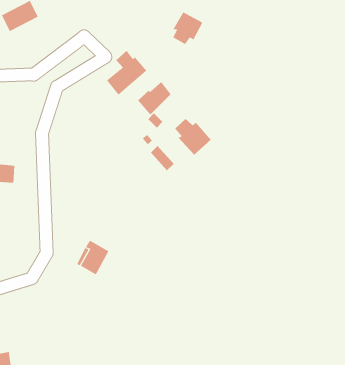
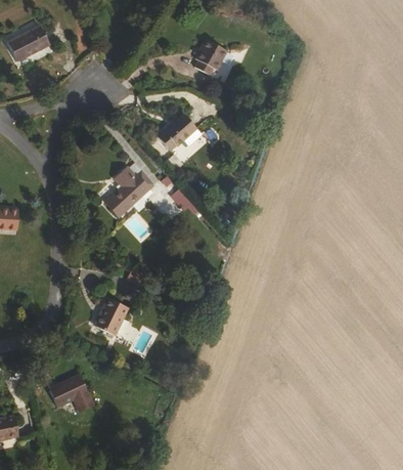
building: [106,50,147,95] -> [108,165,153,215]
building: [174,118,212,155] -> none
building: none -> [48,372,93,409]

